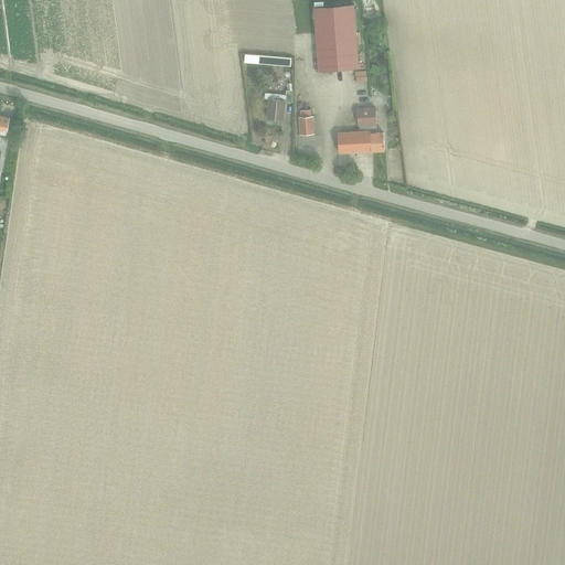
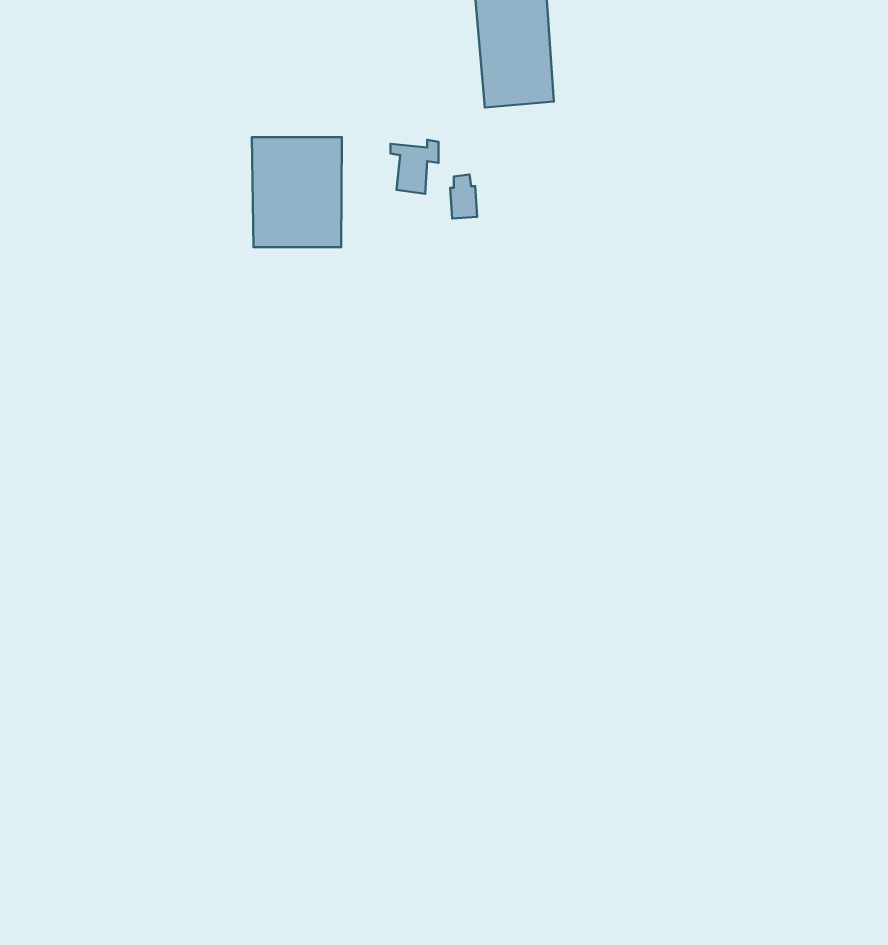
building: none -> [252,137,342,247]
building: [338,108,384,151] -> none

